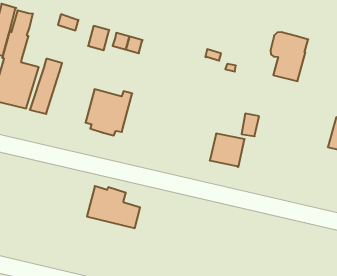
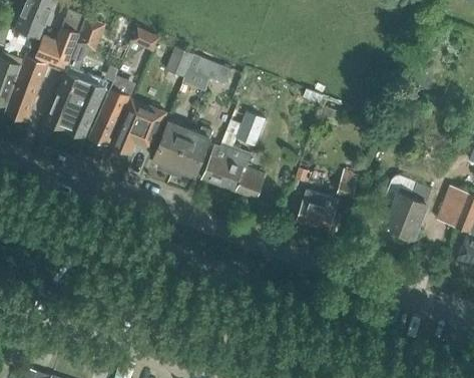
building: [271,32,308,81] -> [385,176,431,237]
building: none -> [234,112,265,146]
building: none -> [110,100,149,154]
building: [87,186,140,228] -> [200,144,265,200]

